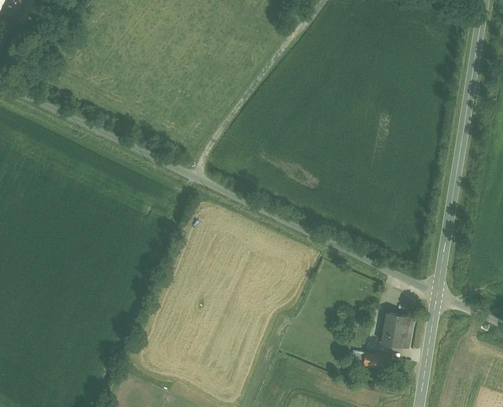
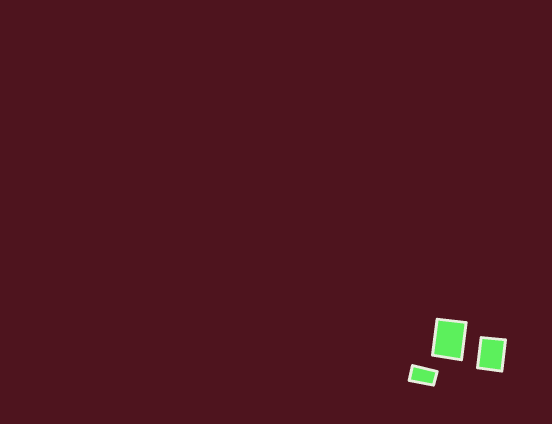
building: none -> [477,338,506,371]

